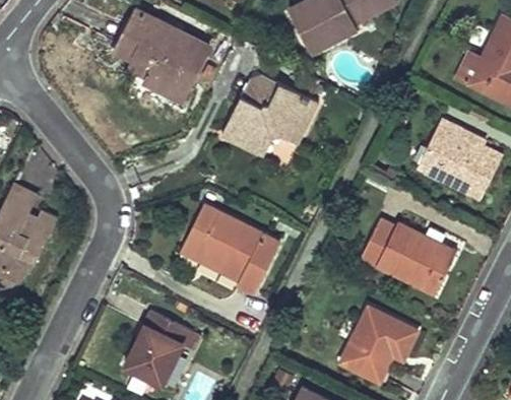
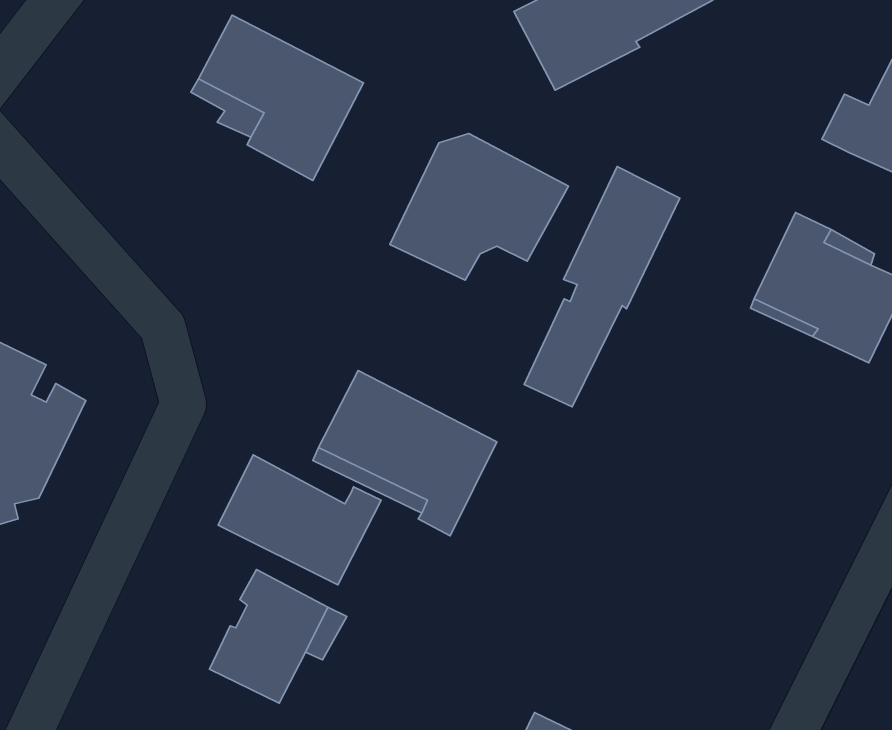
building: none -> [524,167,680,407]
building: [361,218,454,292] -> none
building: none -> [218,455,381,585]
building: [340,309,417,381] -> none

